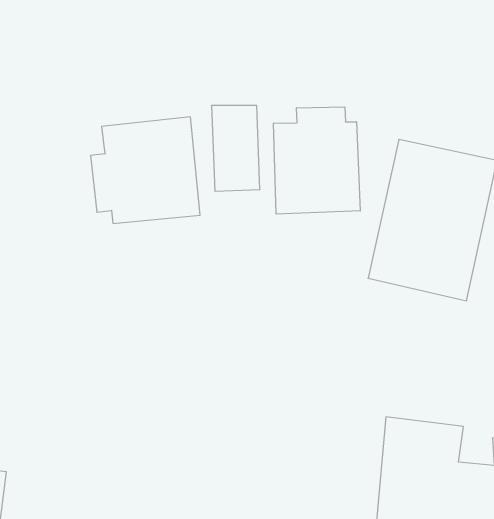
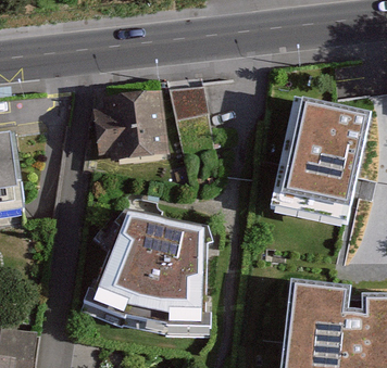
building: [274,107,360,214] -> none
building: none -> [93,219,202,327]

